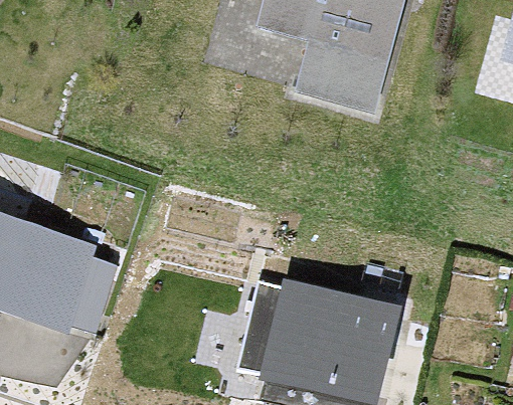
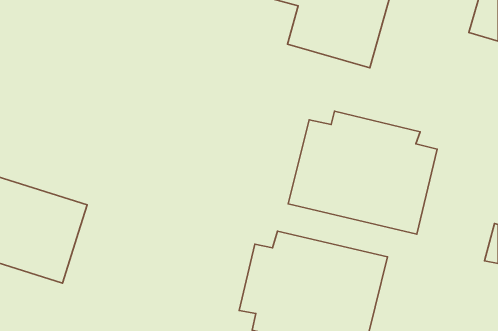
building: none -> [288,111,437,234]

